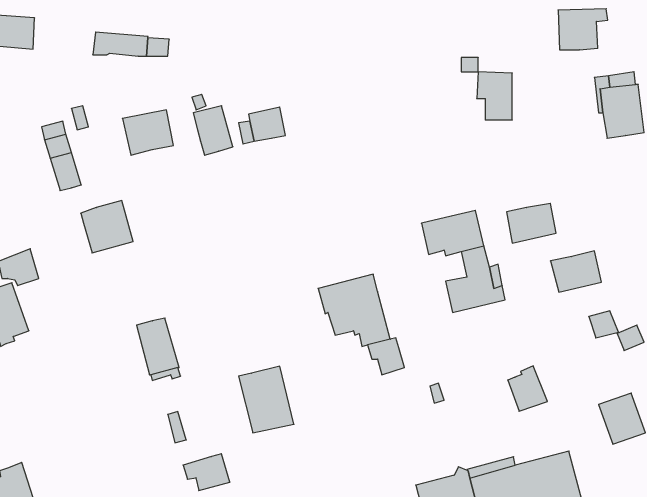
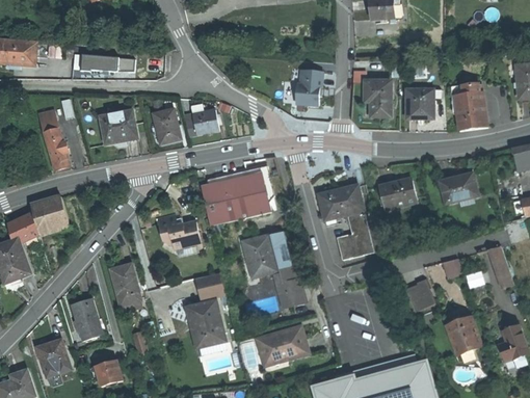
building: [558,9,608,50] -> [401,89,438,120]
building: none -> [293,70,320,106]
building: none -> [201,171,271,224]
building: [81,201,133,253] -> [30,195,69,234]
building: none -> [159,212,203,247]
building: [550,251,601,292] -> [442,173,479,203]
building: none -> [195,272,226,299]
building: none -> [70,297,102,340]
building: [508,366,547,411] -> [406,277,435,311]
building: none -> [261,325,309,360]
building: none -> [36,339,71,376]
building: [183,454,230,491] -> [87,359,122,386]

